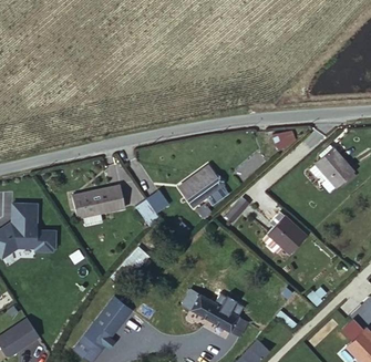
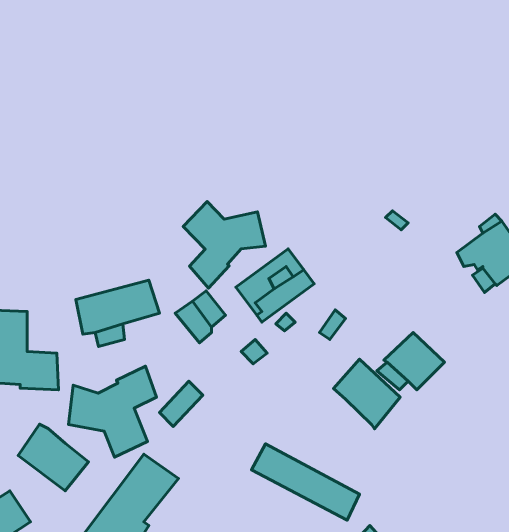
building: none -> [183,201,266,288]
building: none -> [334,359,400,429]
building: none -> [68,366,156,457]
building: none -> [18,424,89,491]

